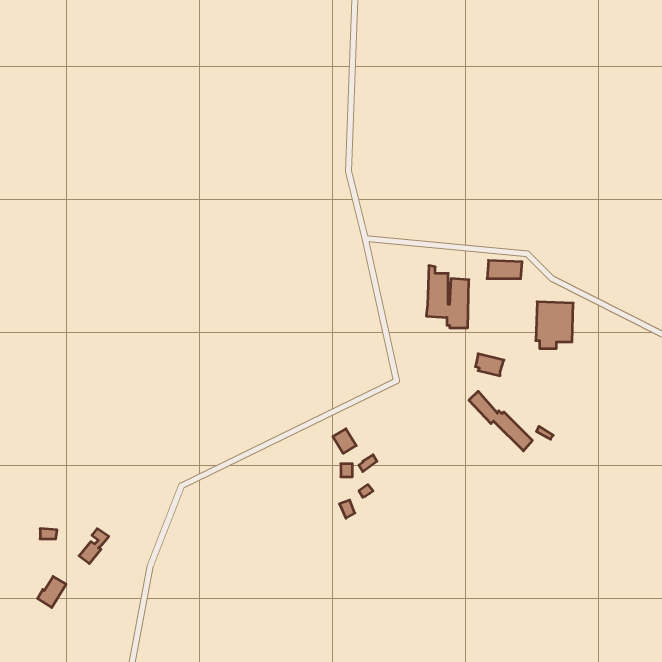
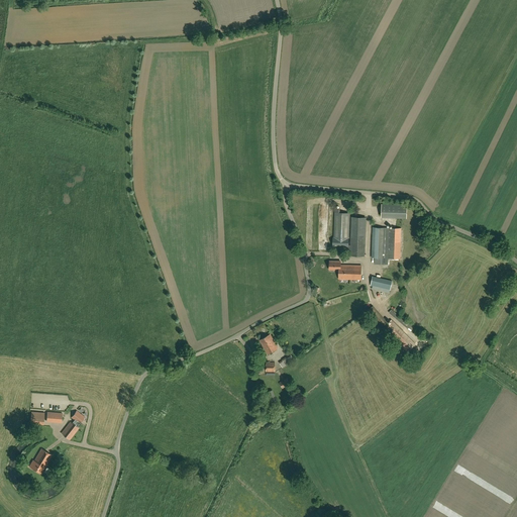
building: [536,302,573,348] -> [372,227,401,264]
building: none -> [329,261,361,280]

